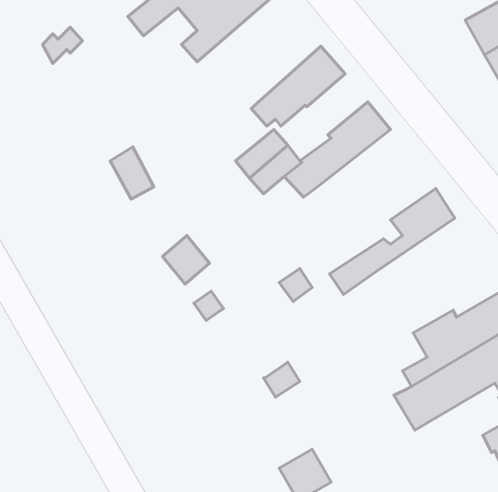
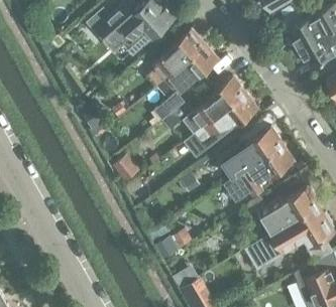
building: none -> [153,30,203,82]
building: none -> [193,94,256,145]
building: none -> [236,145,293,199]

